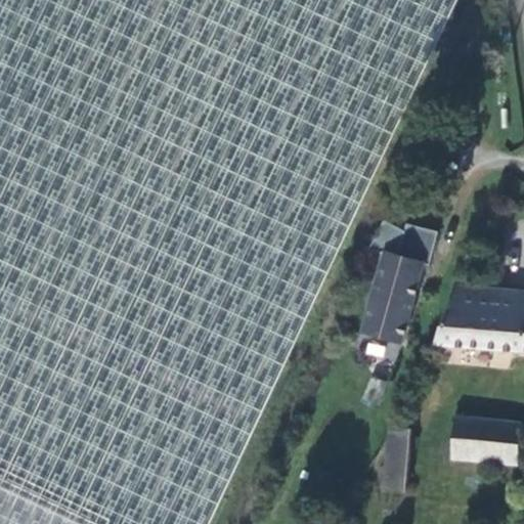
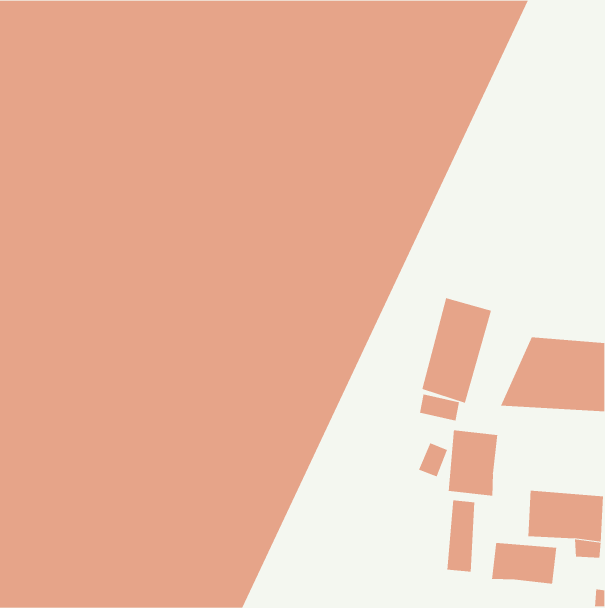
building: [383,234,426,266] -> none
building: none -> [448,430,498,496]
building: none -> [492,542,557,585]

